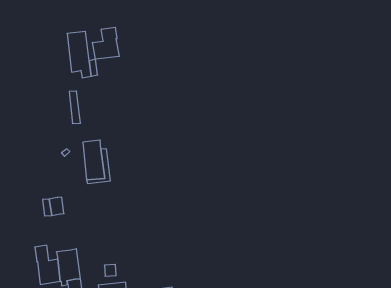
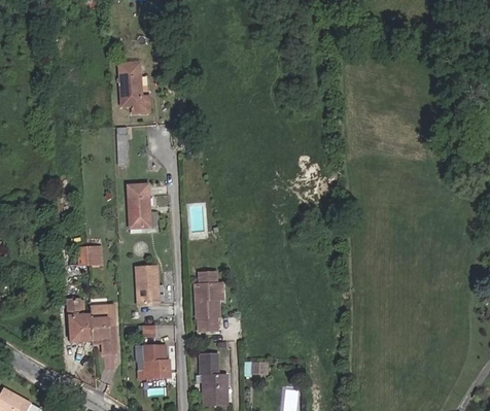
building: [92,27,119,59] -> none
building: none -> [136,266,160,305]
building: none -> [195,272,223,331]

